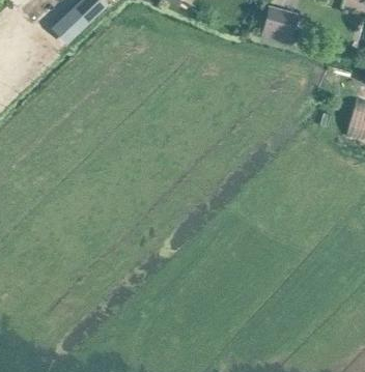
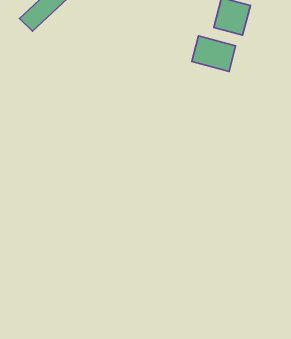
building: none -> [192,36,236,72]

